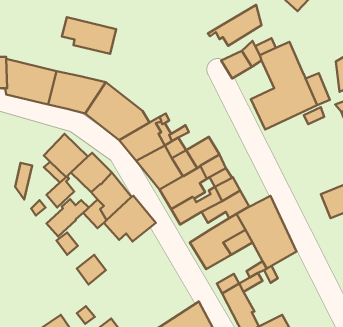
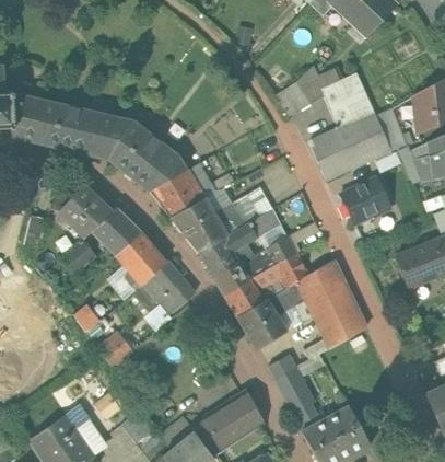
building: [208,5,261,46] -> none
building: [62,17,116,54] -> none
building: none -> [340,177,390,222]
building: [46,199,89,236] -> none
building: none -> [224,279,262,316]

